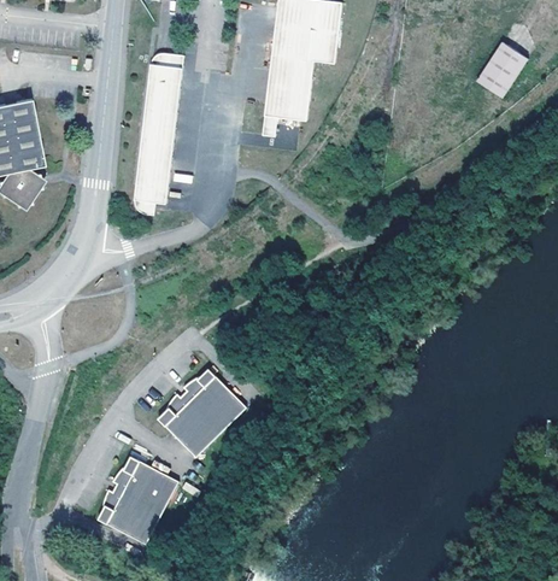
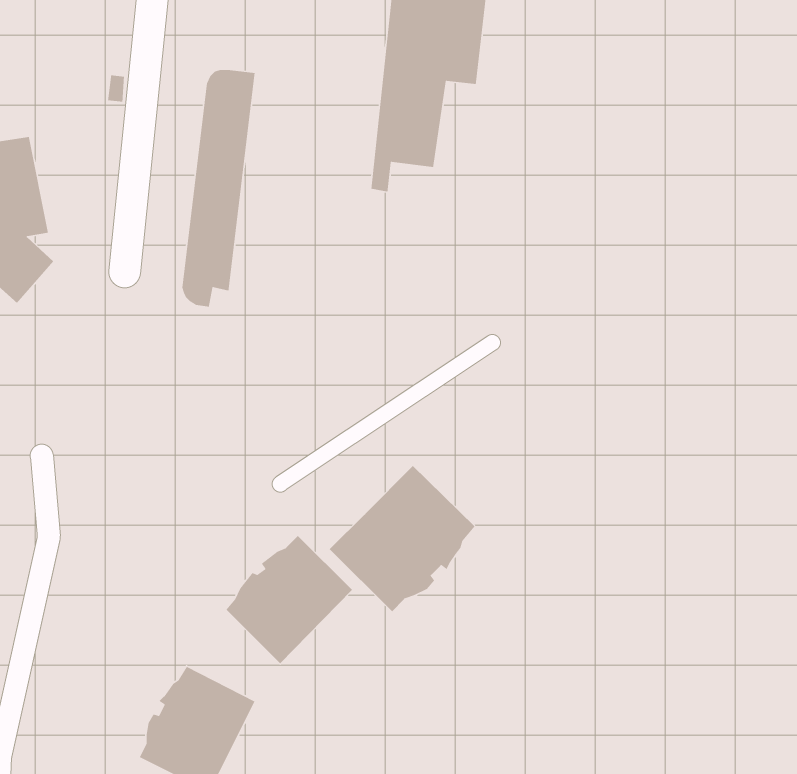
building: [470,43,523,100] -> none
building: none -> [329,465,475,612]

